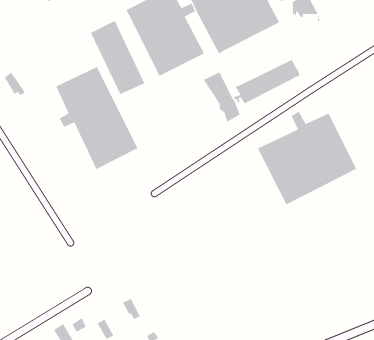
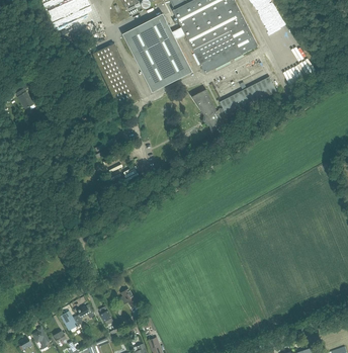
building: [56,66,138,170] -> none
building: [257,111,357,205] -> none

